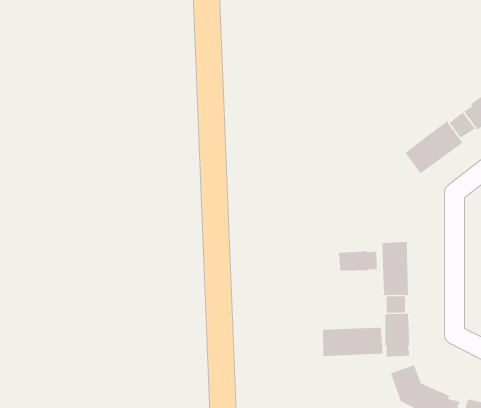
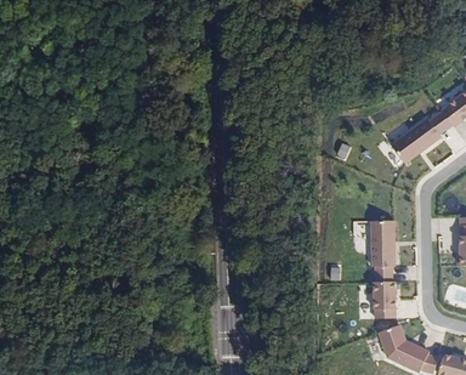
building: [339,251,377,272] -> none
building: [323,327,383,357] -> none

